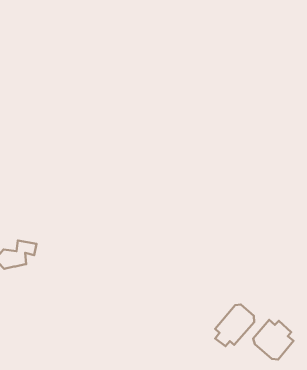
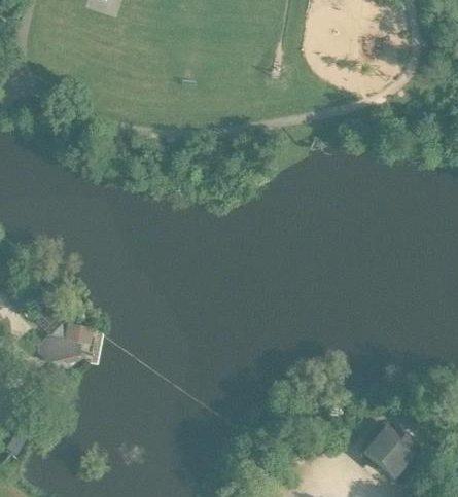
building: [215,305,254,346] -> none

